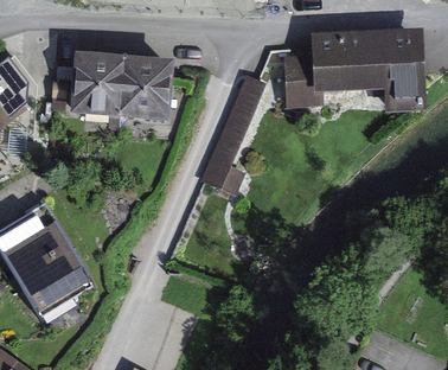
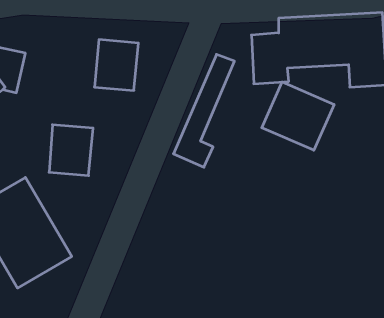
building: [77,56,123,109] -> [49,125,93,176]
building: none -> [262,82,334,150]

